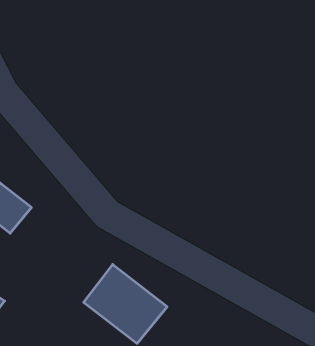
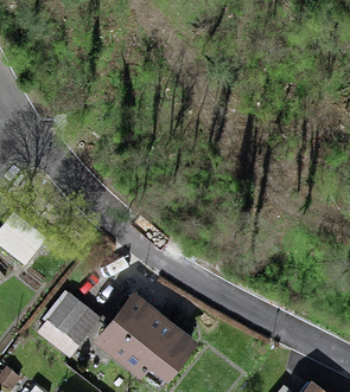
building: none -> [40,294,100,345]

